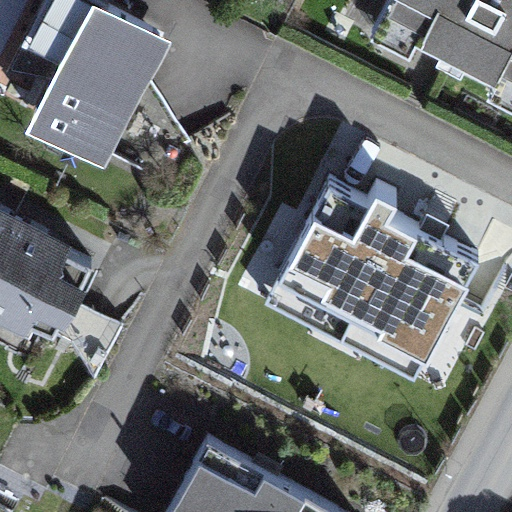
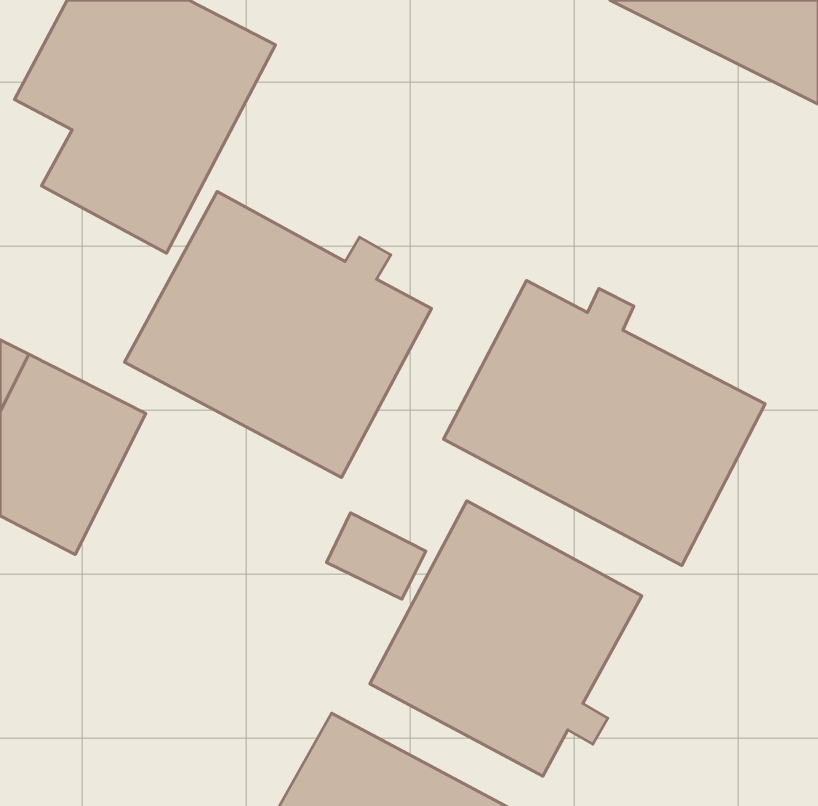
building: none -> [125,191,432,477]
building: none -> [370,501,642,776]

